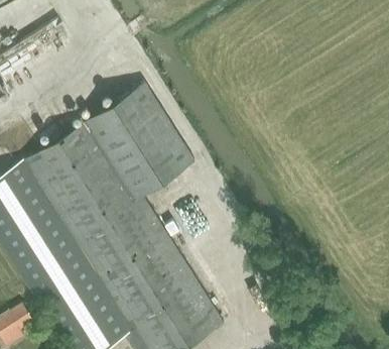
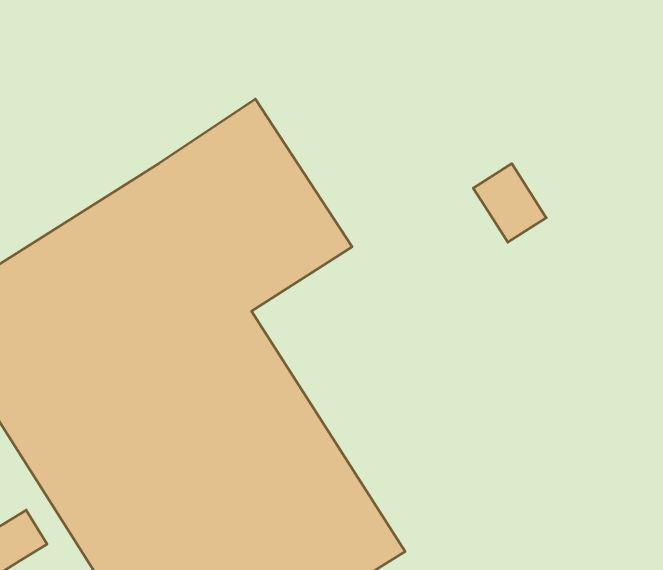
building: none -> [473,164,546,242]

